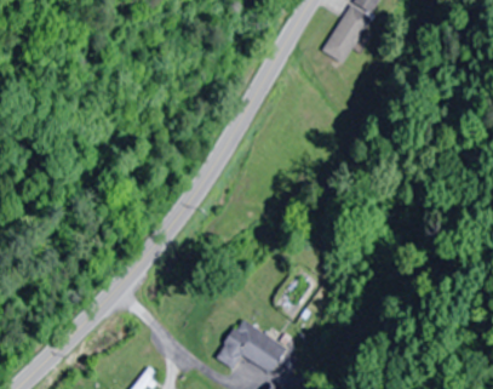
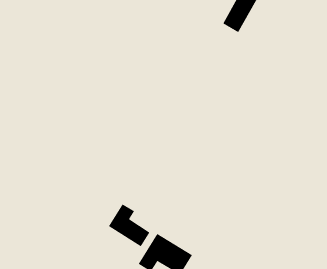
building: none -> [108,203,150,247]

